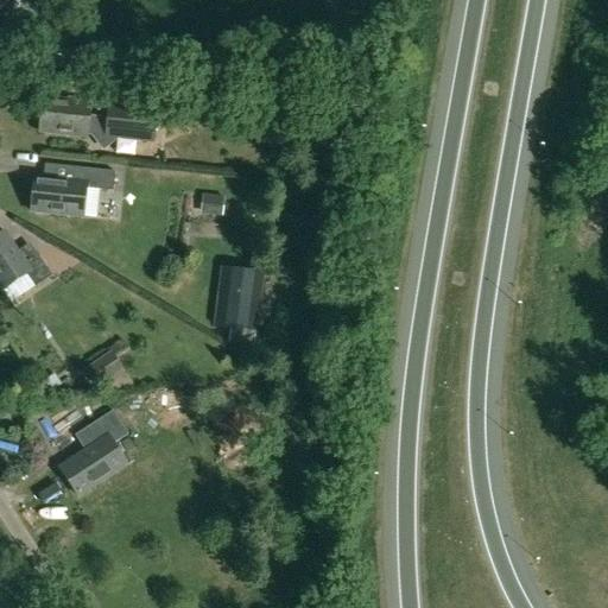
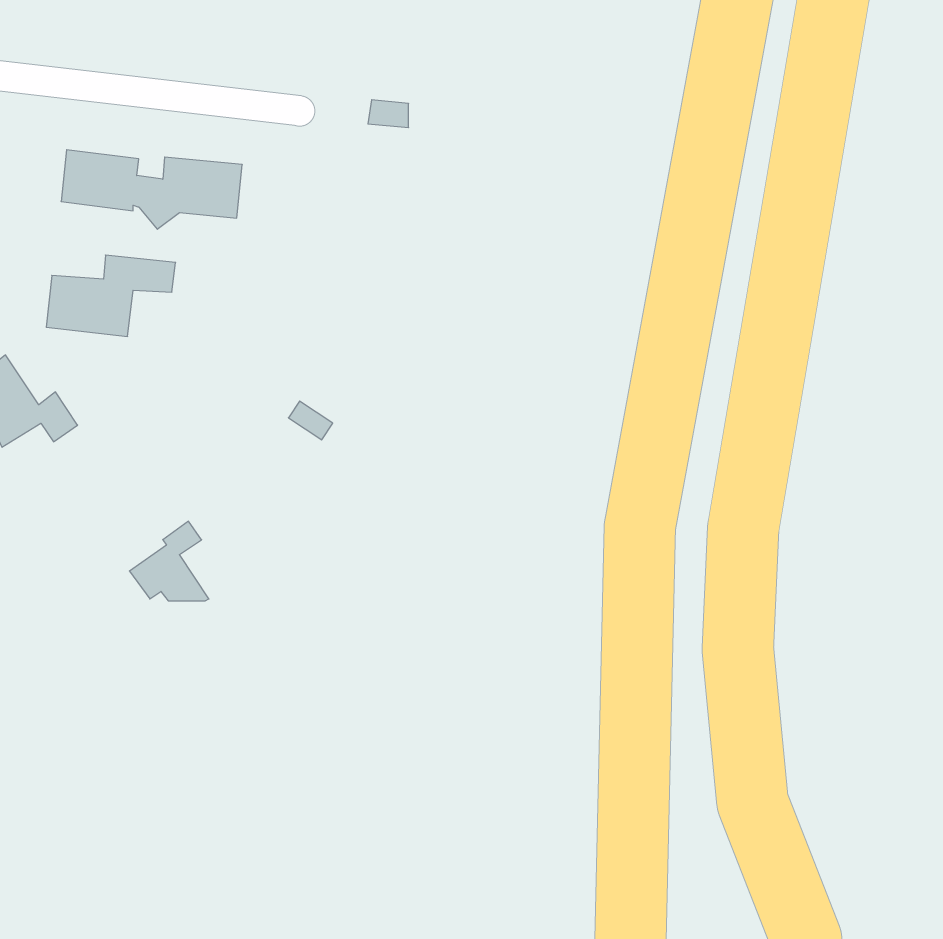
building: [213,265,264,329] -> none
building: [58,410,134,495] -> none

